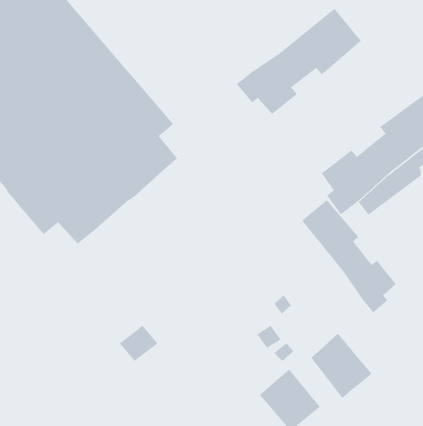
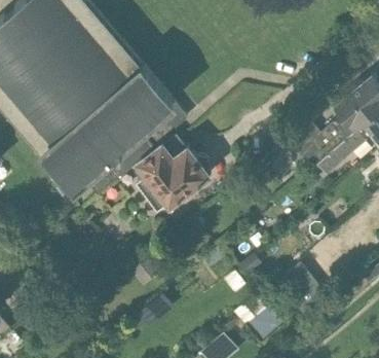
building: [236,8,362,115] -> none
building: none -> [137,136,213,212]
building: [301,199,397,313] -> none

